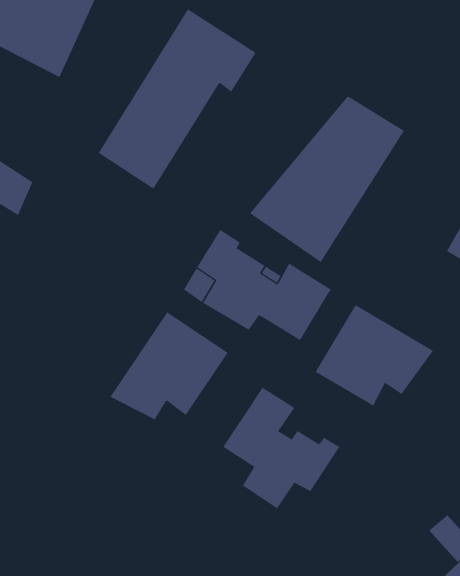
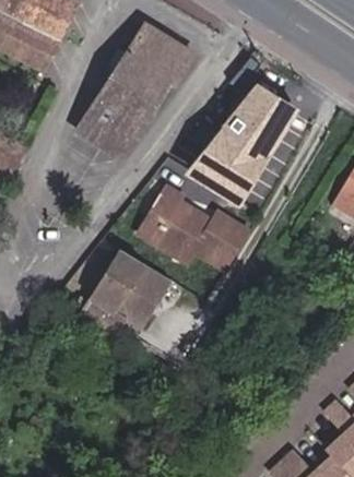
building: [315,304,434,407] -> none
building: [222,387,340,509] -> none

